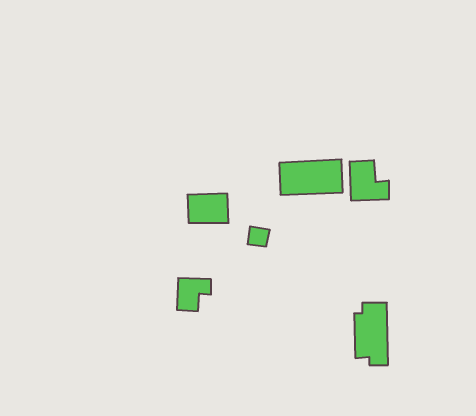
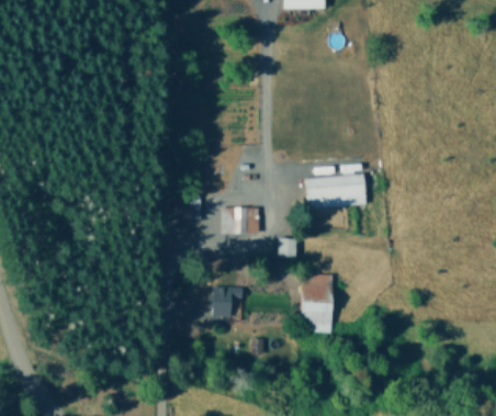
building: [350,160,389,201] -> none
building: [354,303,388,365] -> [301,273,332,331]

